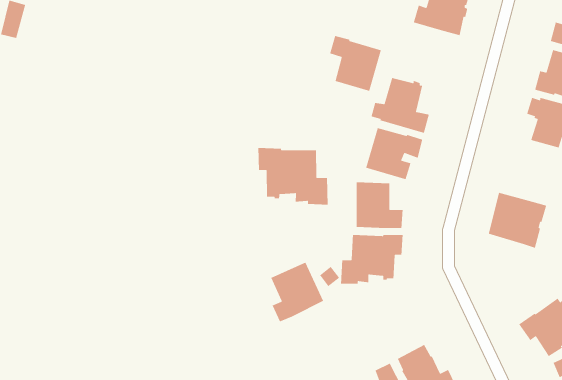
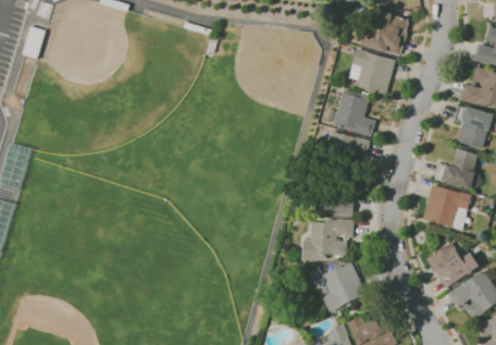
building: [329,35,382,92] -> [351,48,395,95]
building: [257,147,328,205] -> none
building: none -> [435,148,479,189]
building: [270,262,324,322] -> [322,261,367,311]
building: none -> [426,242,480,288]

